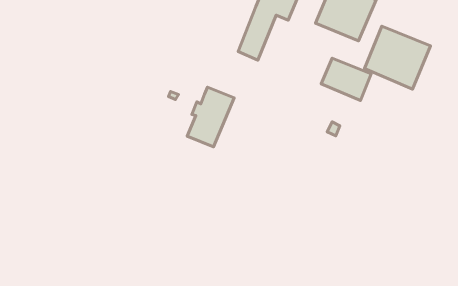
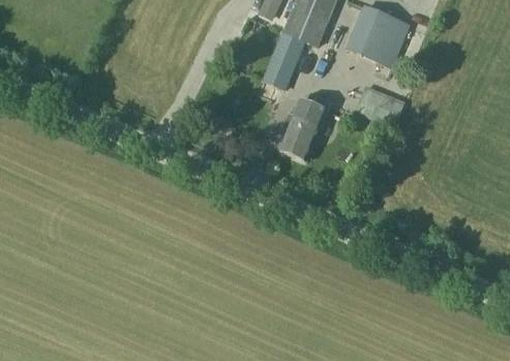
building: [365,26,430,89] -> none
building: [187,87,234,147] -> [279,97,329,160]

